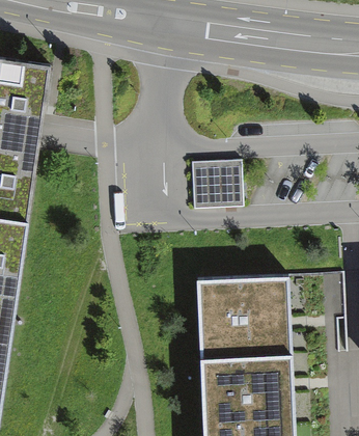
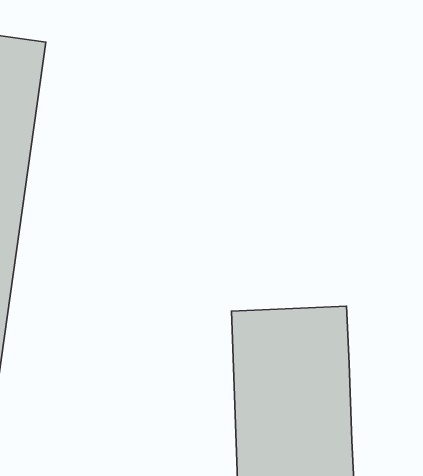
building: [191,157,244,207] -> none

